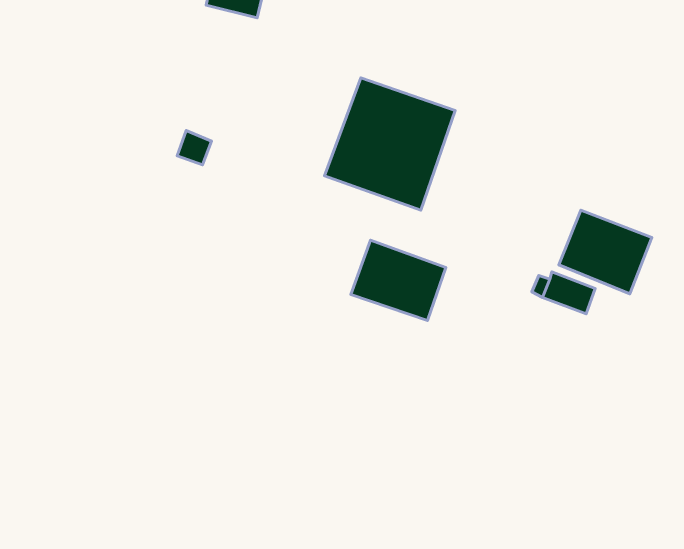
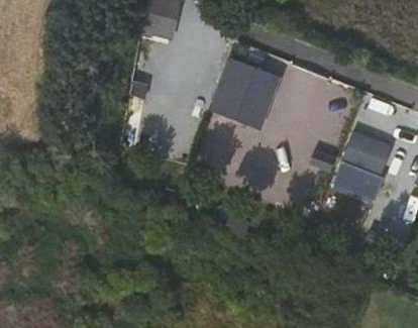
building: [351,240,446,320] -> none

